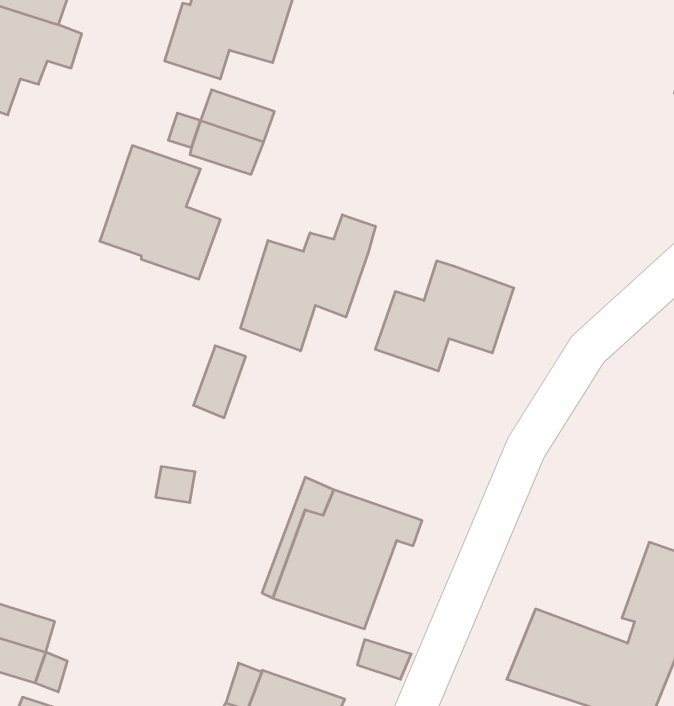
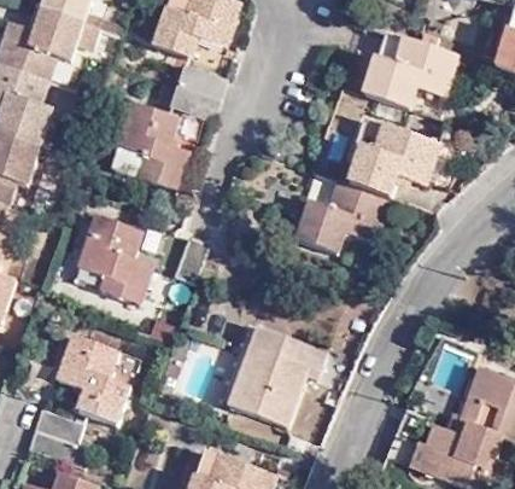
building: none -> [363,29,458,109]
building: none -> [349,120,441,197]
building: [241,215,375,351] -> none
building: none -> [77,214,152,303]
building: none -> [57,333,133,424]

